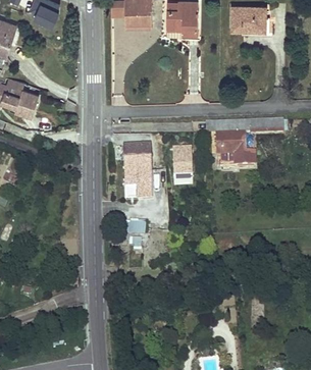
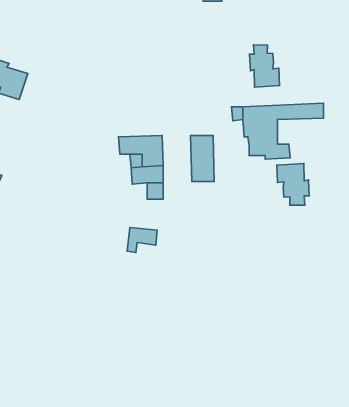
building: none -> [250,45,279,87]
building: none -> [277,164,309,205]

